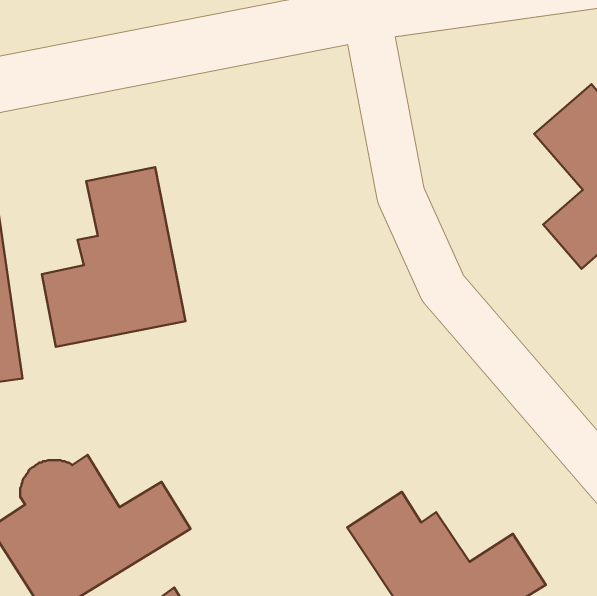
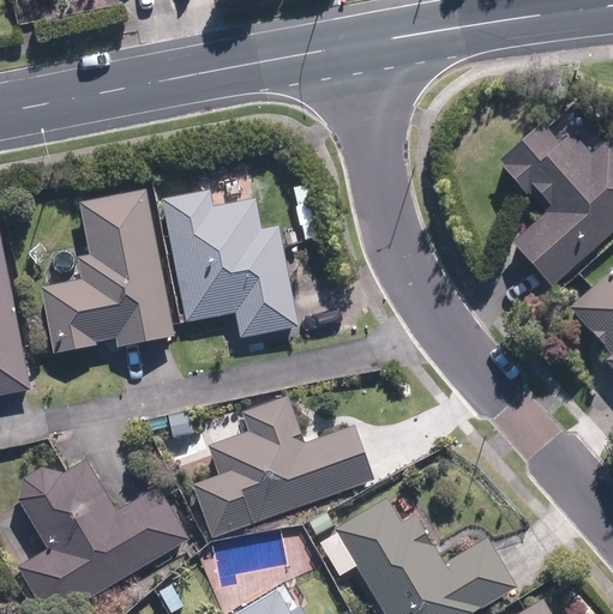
building: none -> [164,191,301,342]
building: none -> [190,393,372,537]

